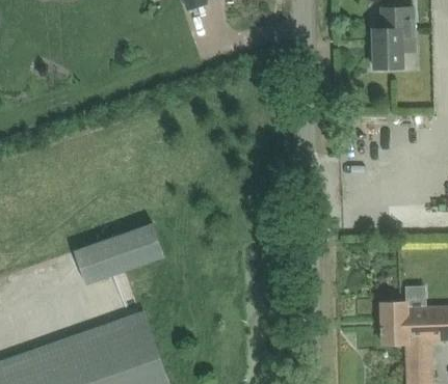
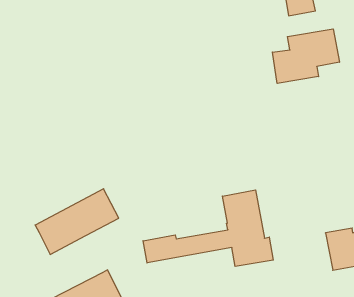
building: none -> [272,29,339,83]
building: none -> [143,190,273,266]

